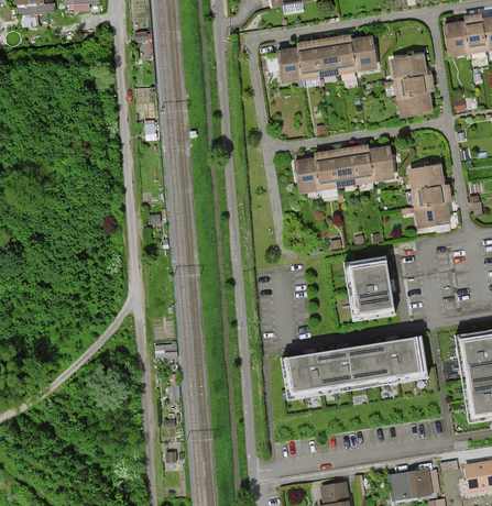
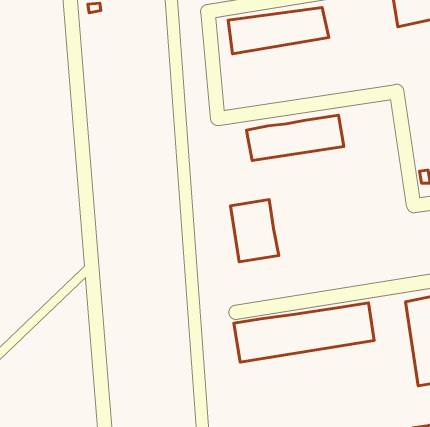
building: [391,52,437,119] -> none
building: [412,165,451,226] -> none
building: [346,255,395,319] -> [230,199,279,262]

